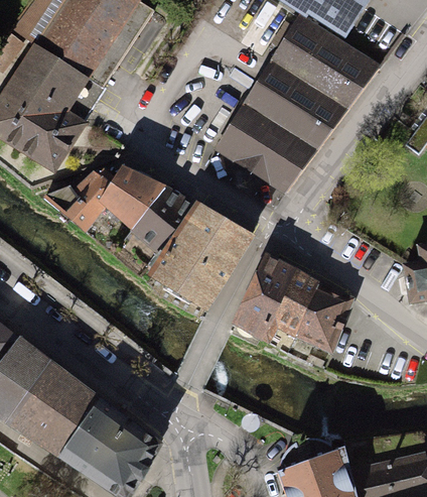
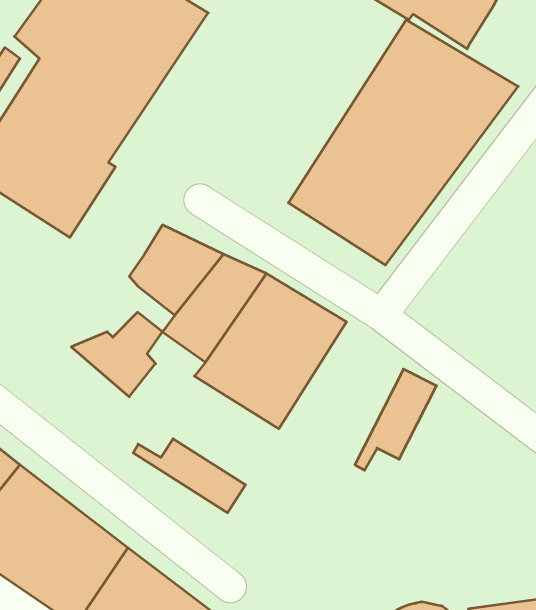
building: [42,171,109,233] -> [71,312,163,397]
building: [231,252,297,339] -> none
building: [294,281,355,353] -> none
building: none -> [133,439,246,513]

